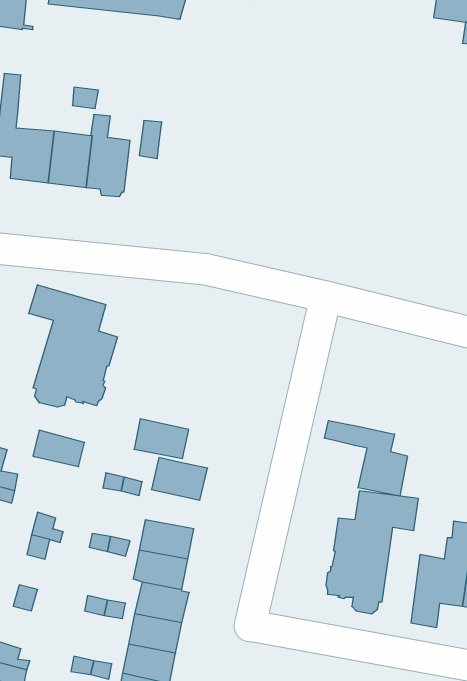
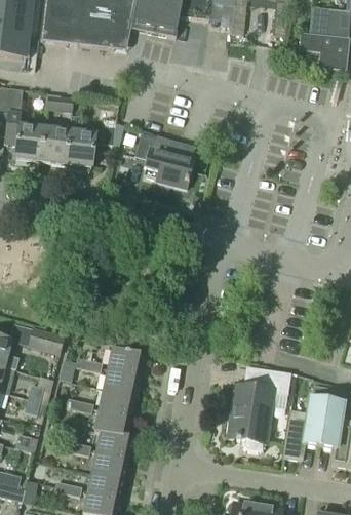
building: none -> [134,131,193,187]
building: [29,285,117,407] -> none
building: [134,419,189,458] -> [104,367,141,394]
building: [325,421,407,496] -> none

